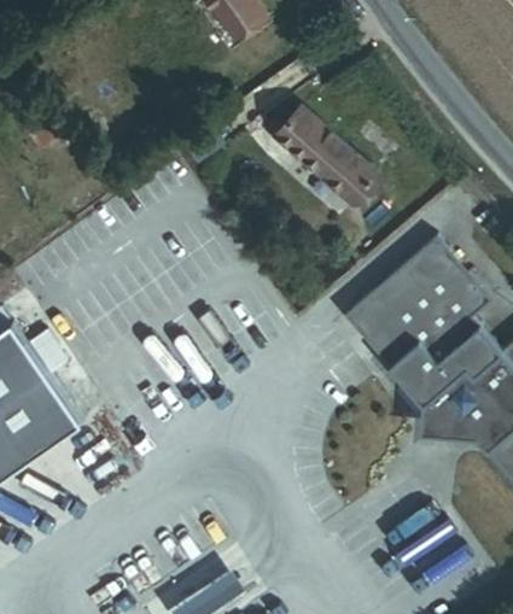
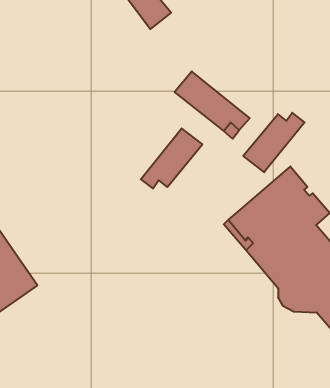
building: none -> [243,113,305,172]
building: none -> [141,128,202,189]

